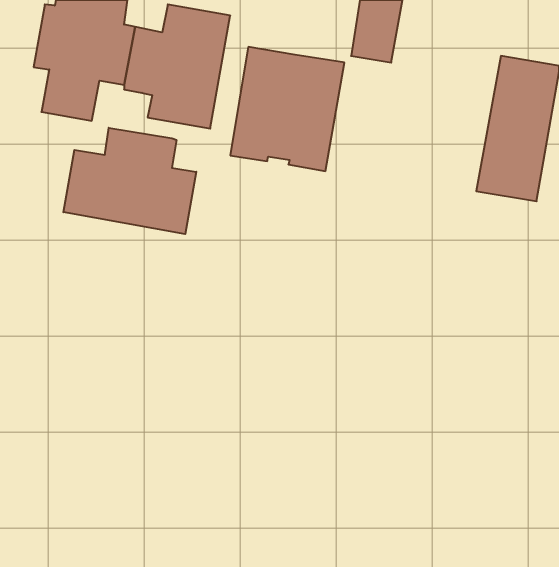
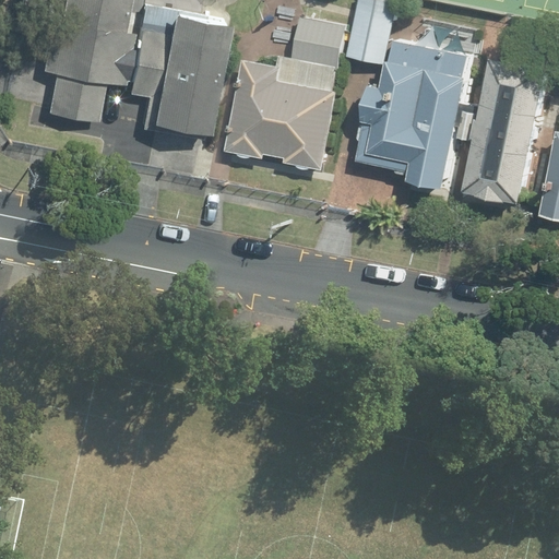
building: none -> [288,20,343,66]
building: none -> [355,20,474,190]
building: [63,128,196,234] -> none

